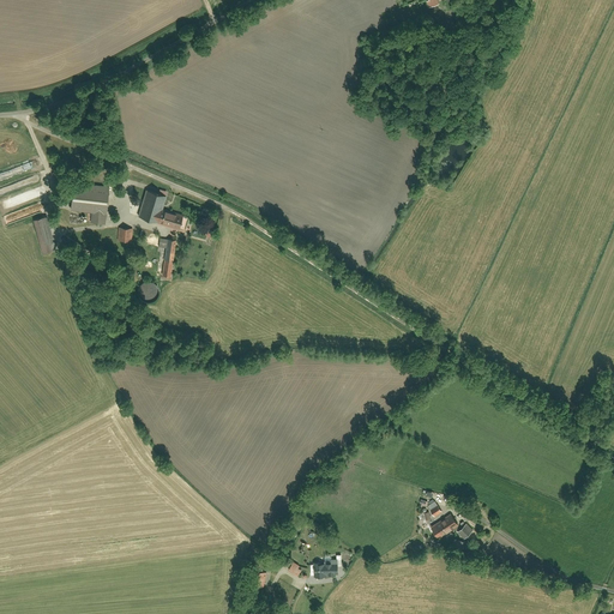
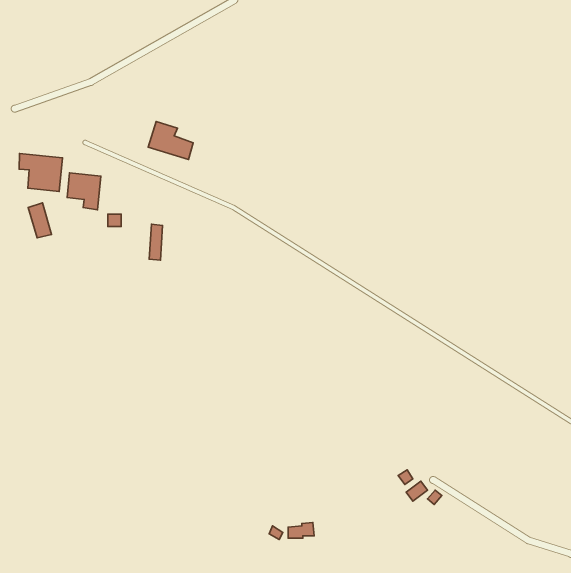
building: none -> [19,154,62,191]
building: [137,189,185,230] -> [148,121,193,159]

